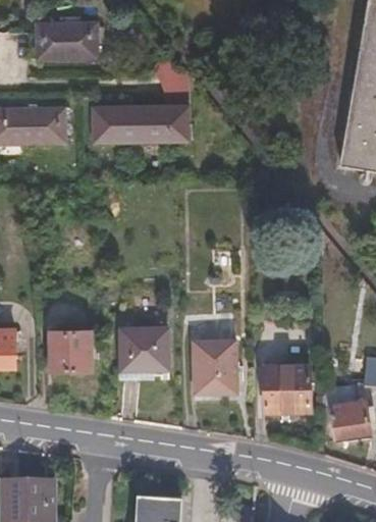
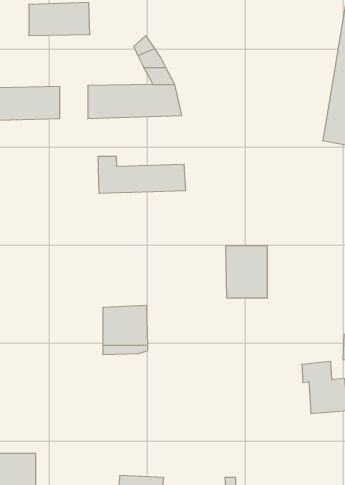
building: none -> [98,156,185,194]
building: [48,329,89,369] -> none
building: [193,341,235,394] -> [226,246,268,298]
building: [258,367,305,414] -> none

